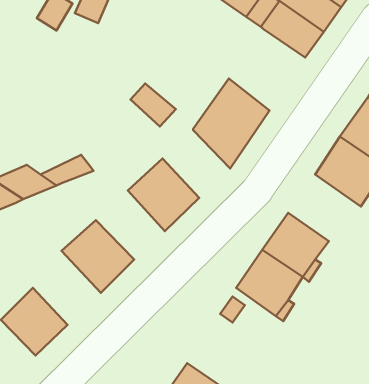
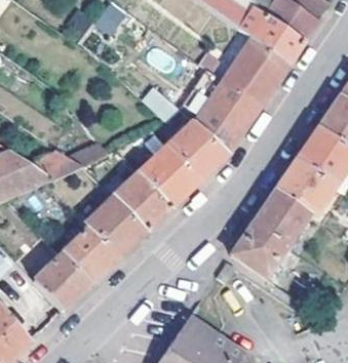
building: none -> [224,37,287,105]
building: none -> [168,121,225,177]
building: none -> [273,158,334,215]
building: none -> [113,171,170,229]
building: none -> [61,226,117,283]

